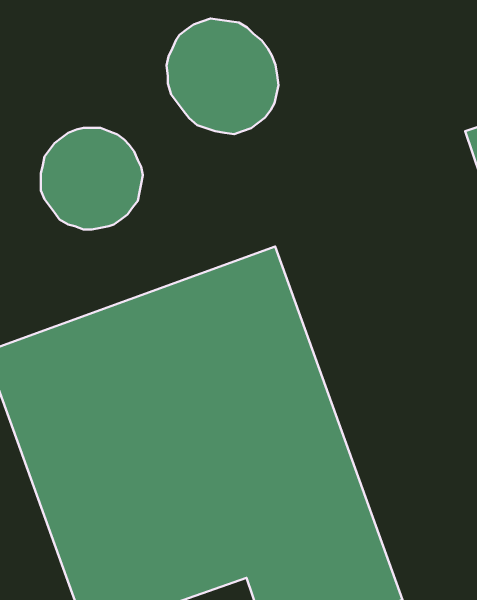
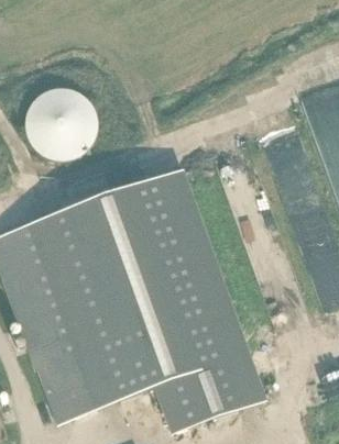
building: [166,19,279,134] -> none

